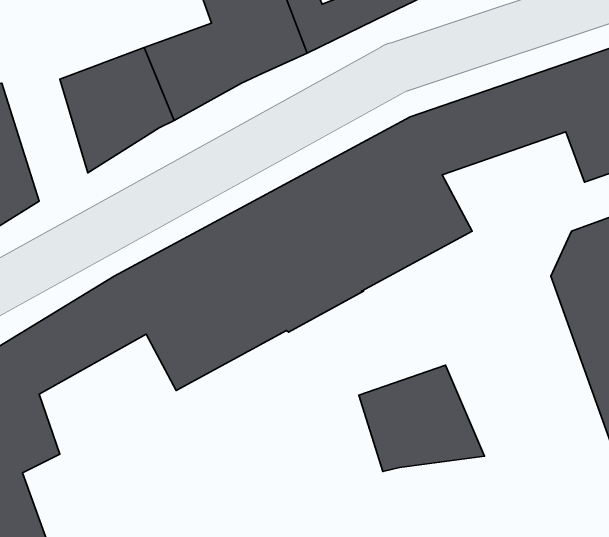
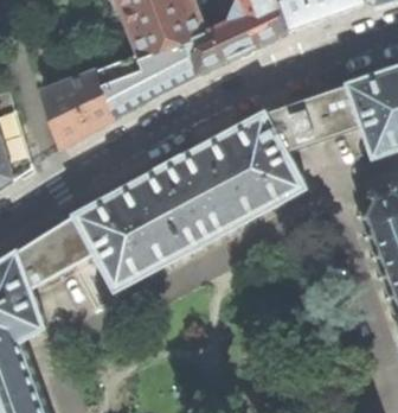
building: [359,365,484,471] -> none

